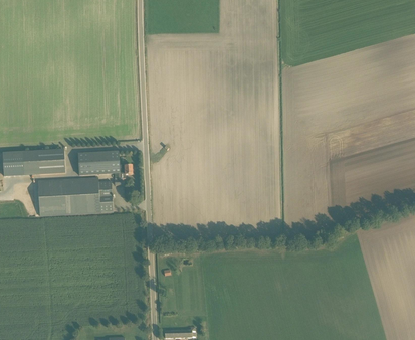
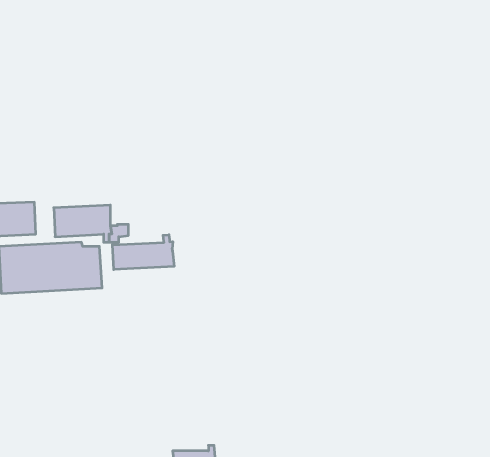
building: none -> [112,235,174,270]

